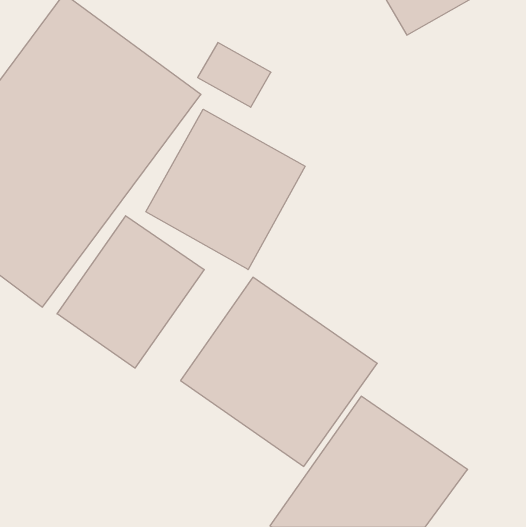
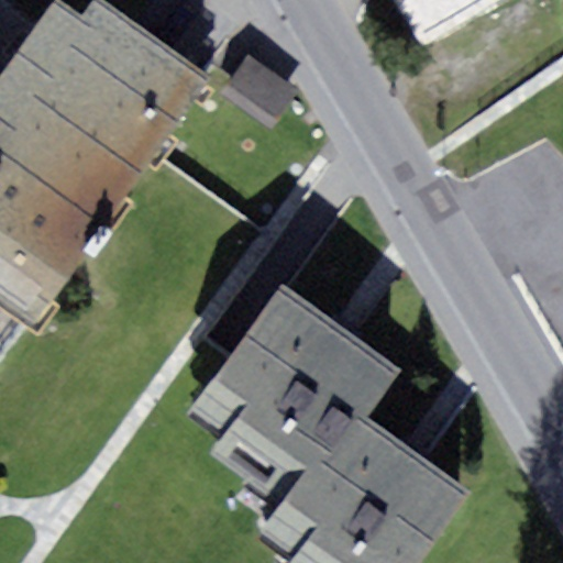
building: [146,109,305,270] -> none
building: [57,216,204,368] -> none

